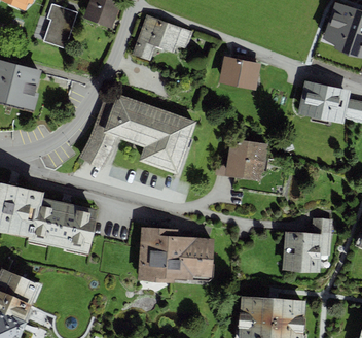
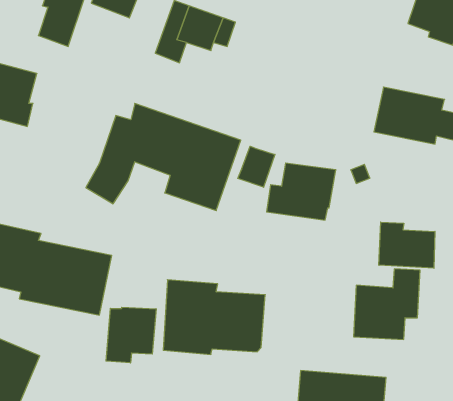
building: [218,55,260,90] -> none
building: none -> [238,146,275,187]
building: none -> [379,222,435,268]
building: none -> [106,307,156,363]

